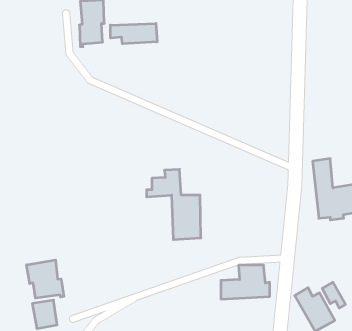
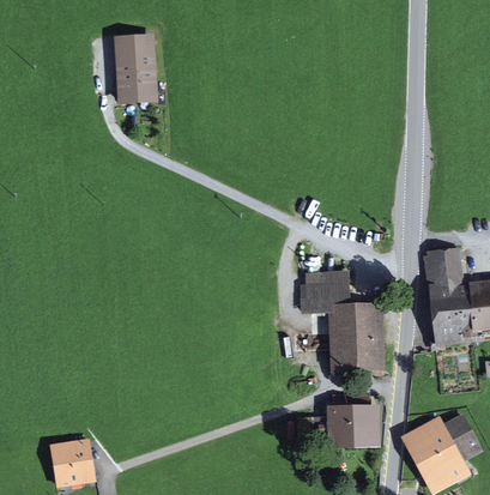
building: [110,23,157,44] -> none
building: [147,169,201,240] -> [302,273,375,368]
building: [27,260,64,298] -> none

